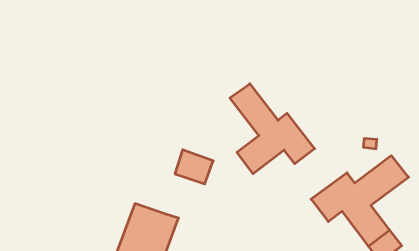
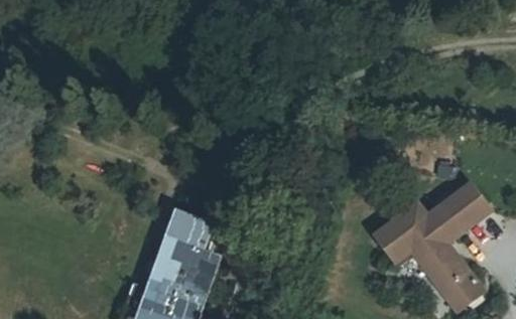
building: [230,84,315,174] -> none
building: [175,150,213,184] -> [166,213,212,254]

